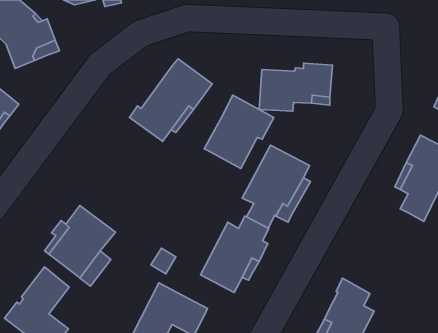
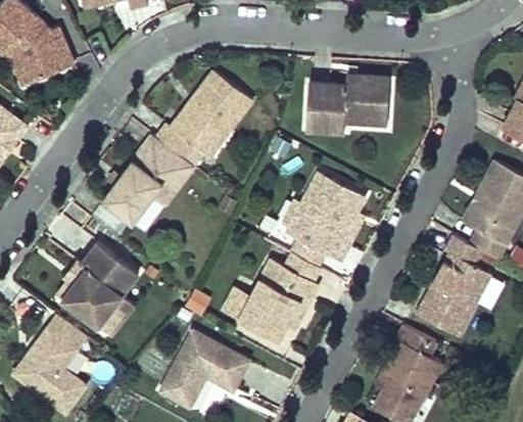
building: [204,95,274,168] -> none
building: none -> [102,136,193,224]
building: none -> [416,235,491,337]

